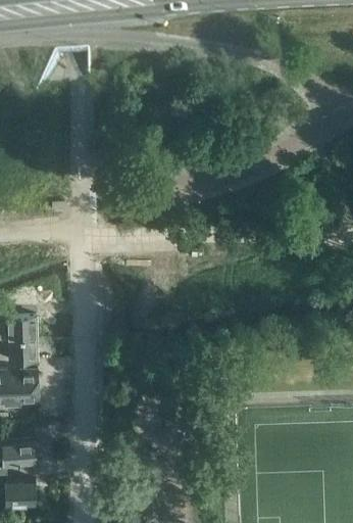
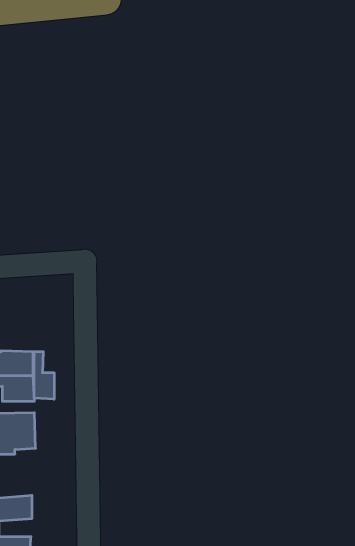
building: none -> [34,352,54,399]

